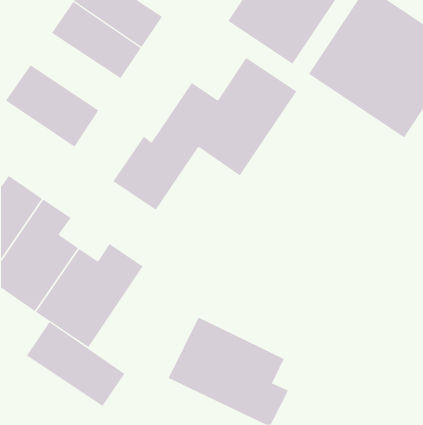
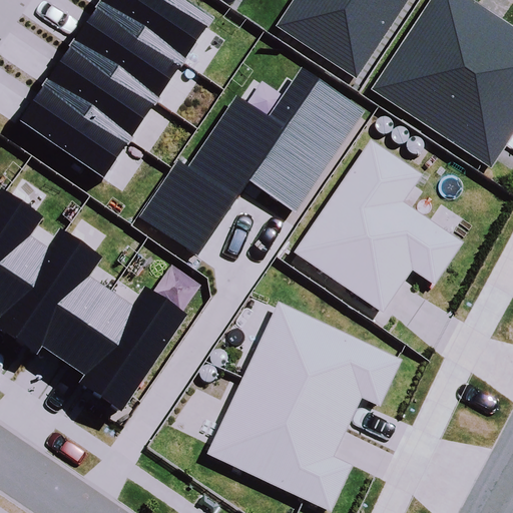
building: none -> [43,39,151,132]
building: none -> [297,143,461,311]
building: none -> [243,302,401,429]
building: [26,321,125,407] -> none

